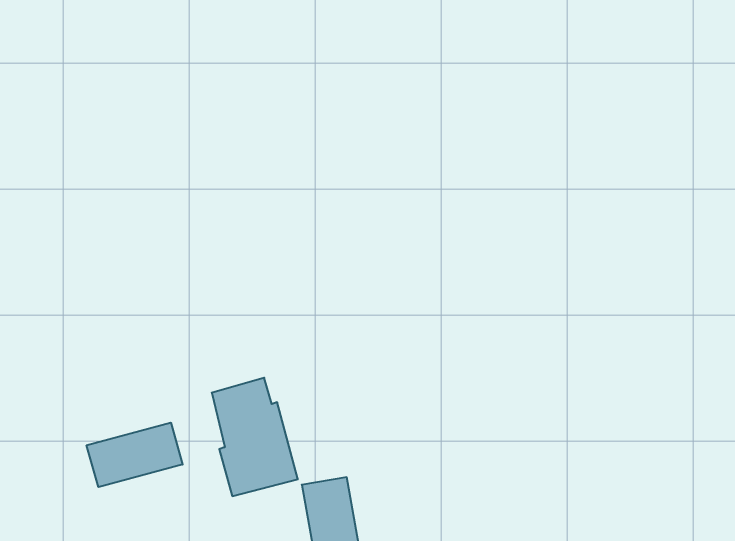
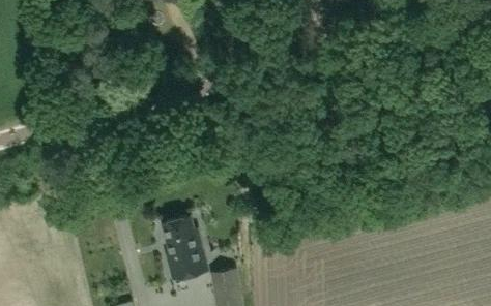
building: [87,423,183,487] -> none

